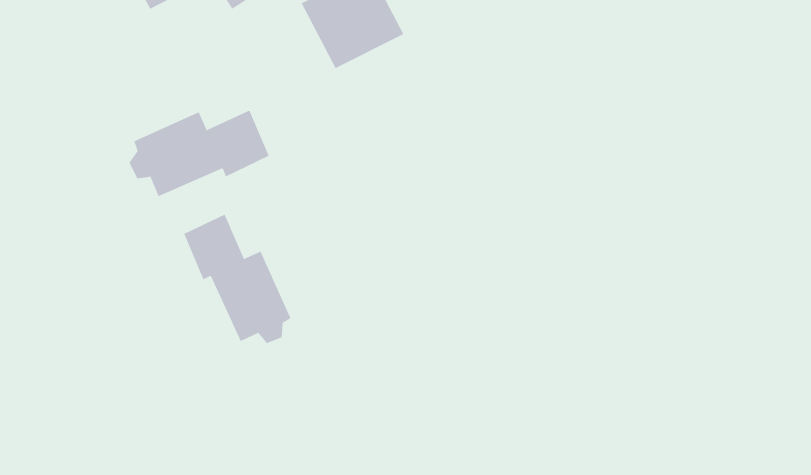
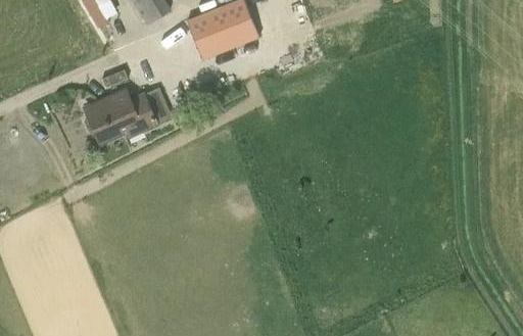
building: [183,214,291,344] -> none

